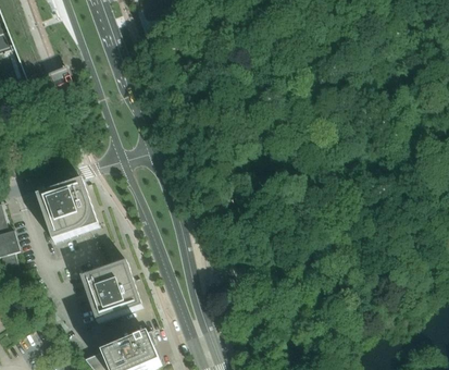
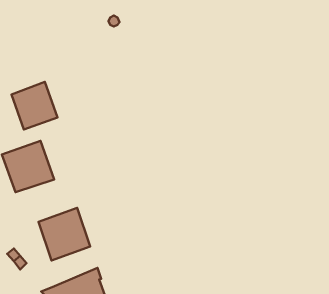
building: none -> [12,82,58,130]

